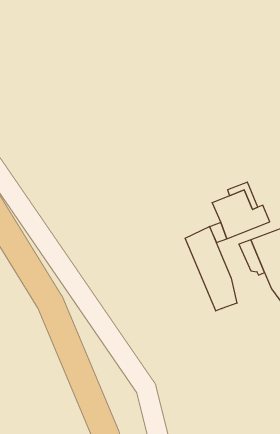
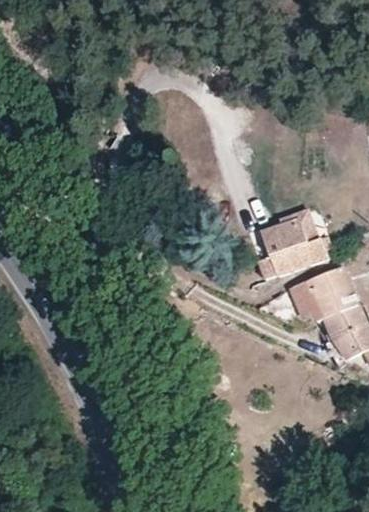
building: [185,226,237,311] -> none

